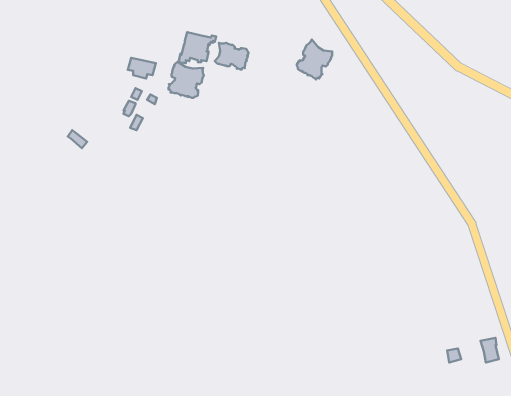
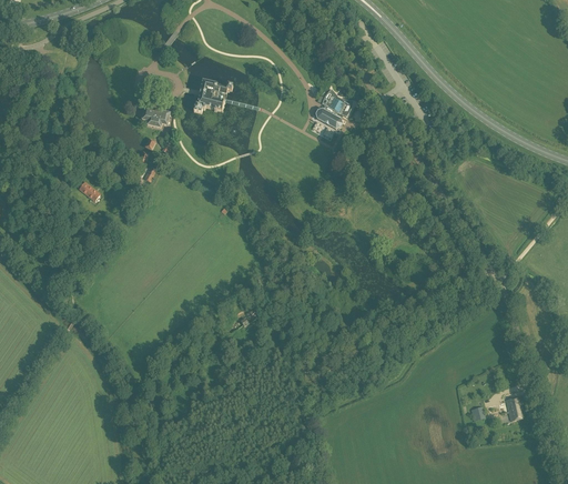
building: [215,43,248,69] -> none
building: [168,62,204,98] -> none

